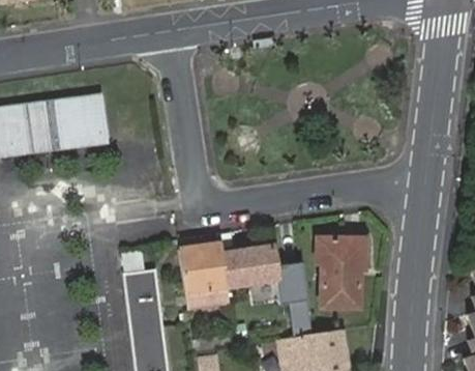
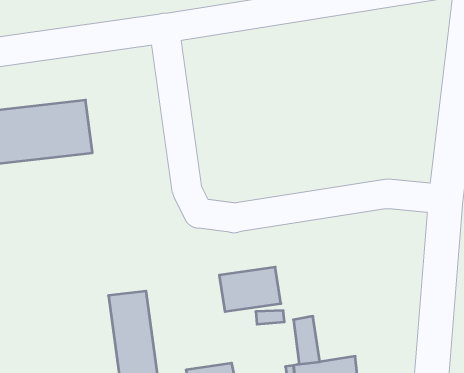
building: [177,236,229,309] -> none
building: [317,236,364,305] -> none

